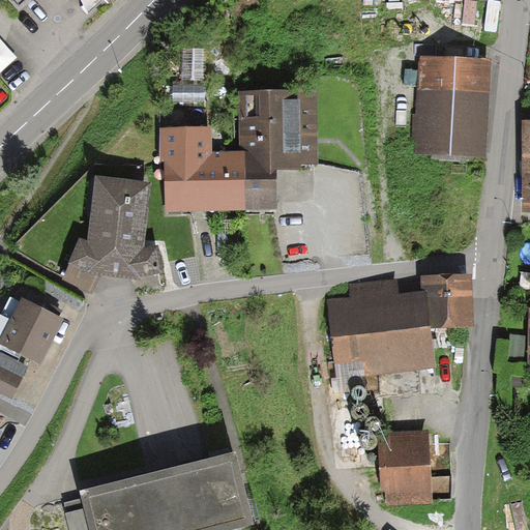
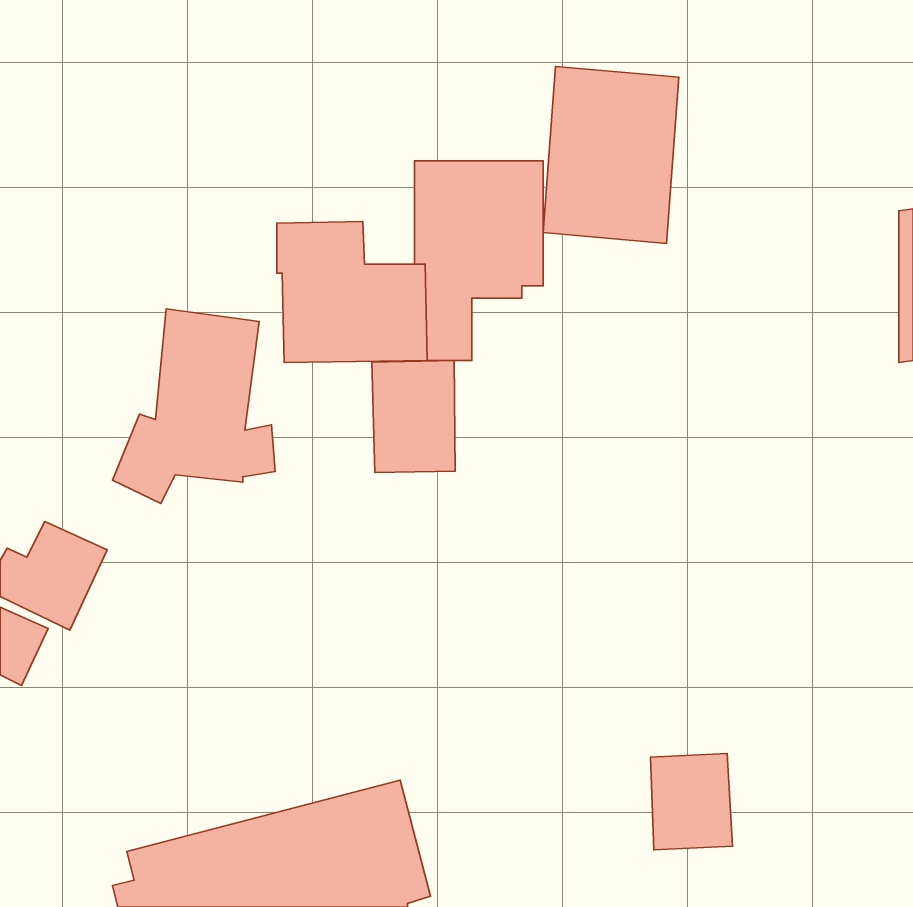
building: [411,56,490,158] -> [543,67,679,243]
building: none -> [372,361,455,472]
building: [328,276,473,376] -> none

